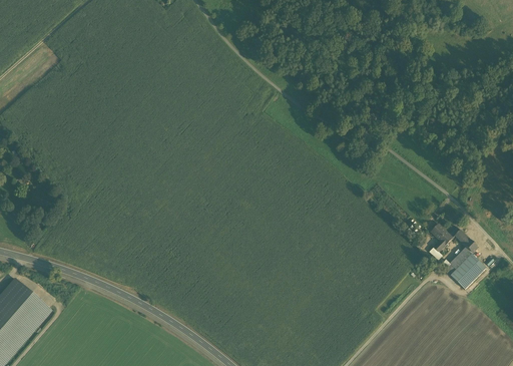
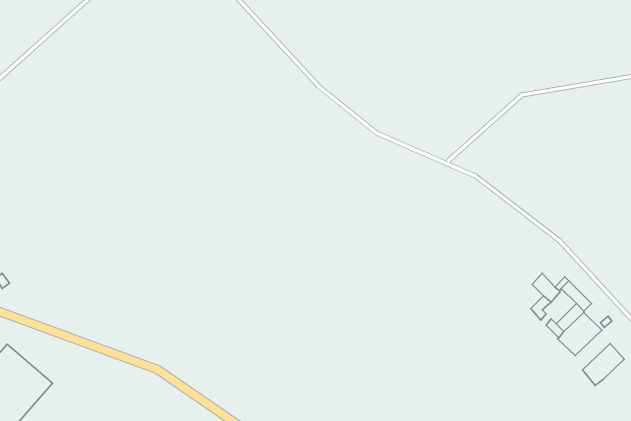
building: none -> [583,344,624,386]

